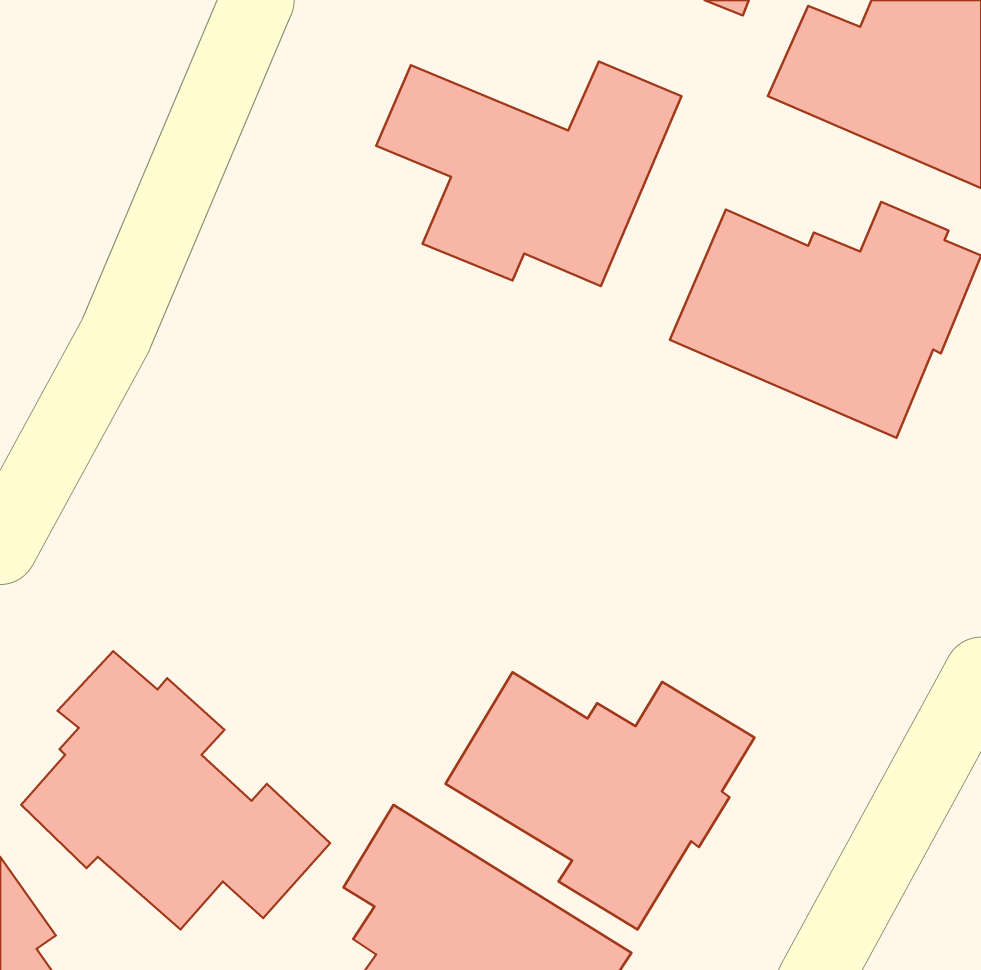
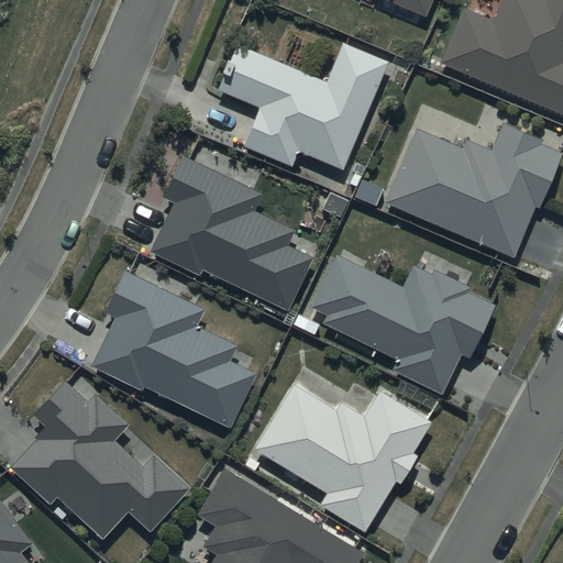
building: none -> [150,155,313,311]
building: none -> [309,253,495,394]
building: none -> [89,269,256,428]

